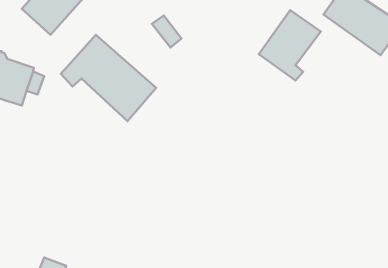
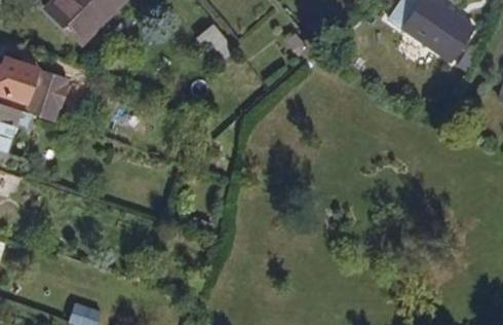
building: [259,10,321,80] -> none
building: [61,35,156,121] -> none

